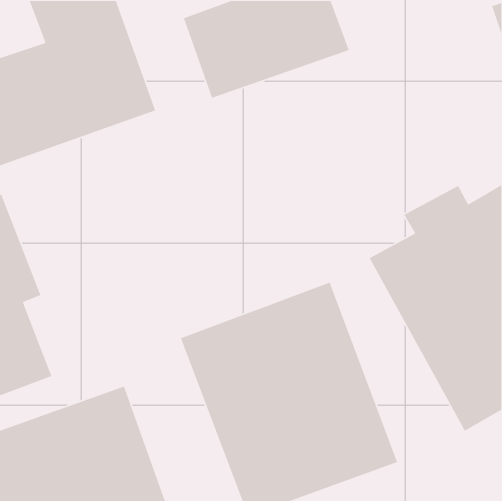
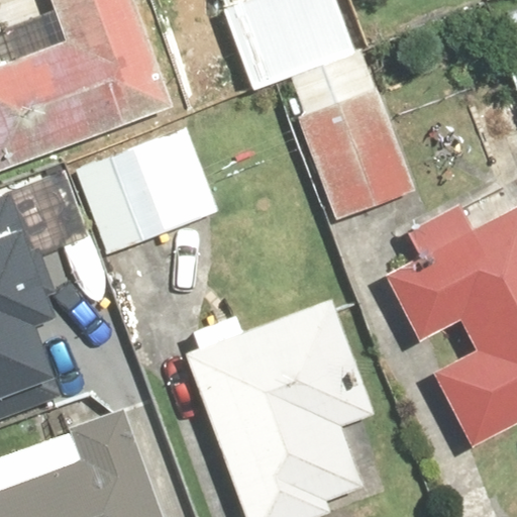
building: none -> [300,83,416,220]
building: none -> [74,119,224,253]

